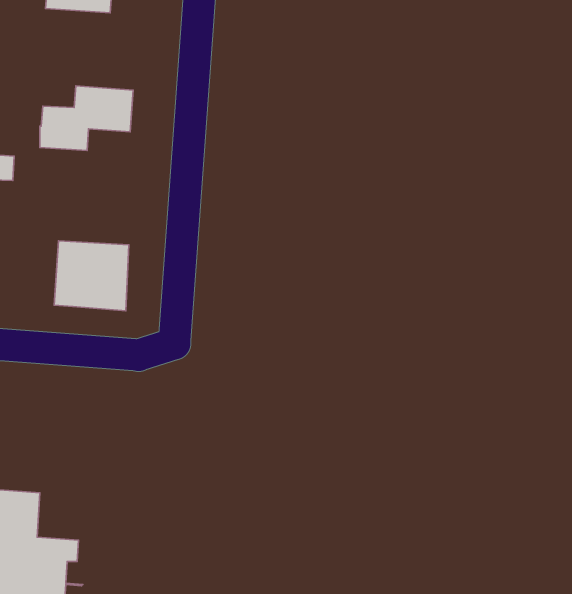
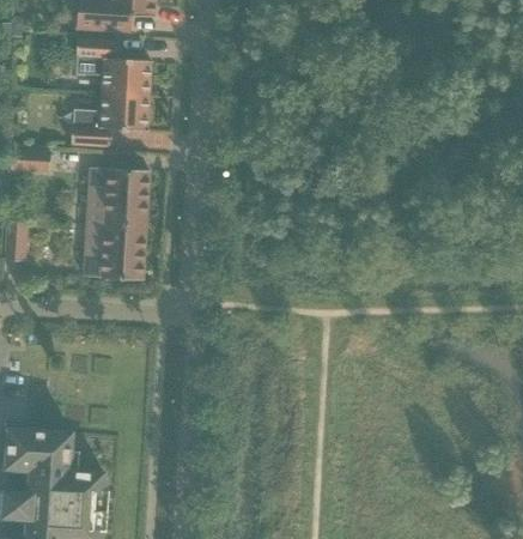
building: none -> [75,40,151,97]
building: none -> [86,168,148,226]

